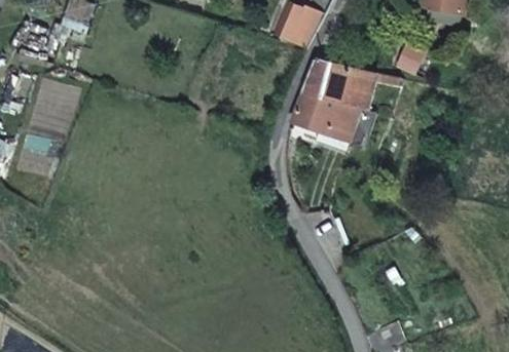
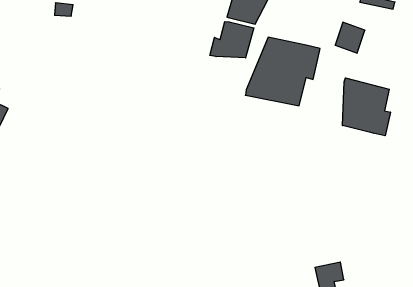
building: none -> [210,22,254,58]
building: none -> [342,78,390,136]

